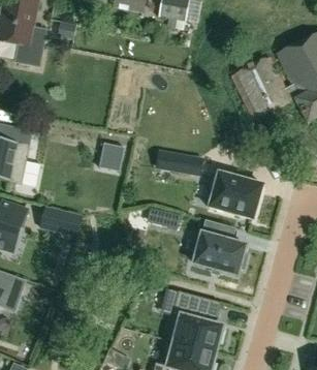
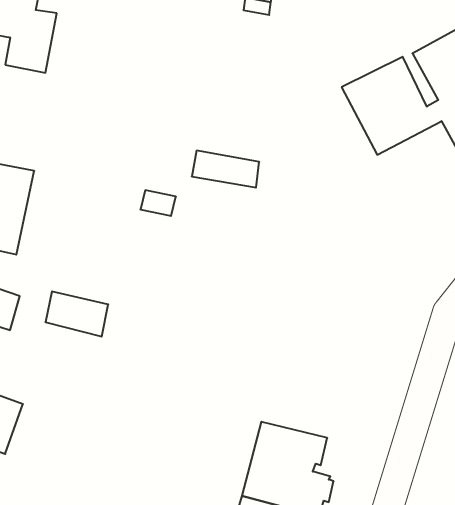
building: [158,150,201,174] -> [192,151,259,188]
building: [209,172,263,219] -> none
building: [194,218,248,274] -> none

